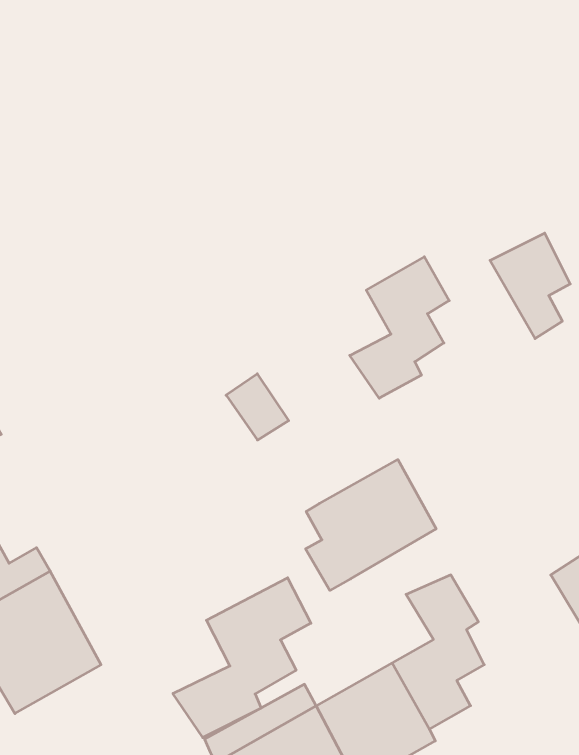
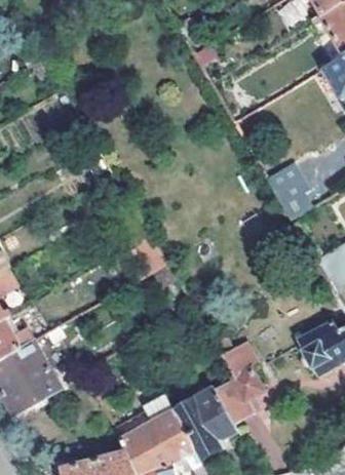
building: [350,257,449,398] -> none
building: [306,460,436,590] -> none
building: [173,578,311,738] -> none

